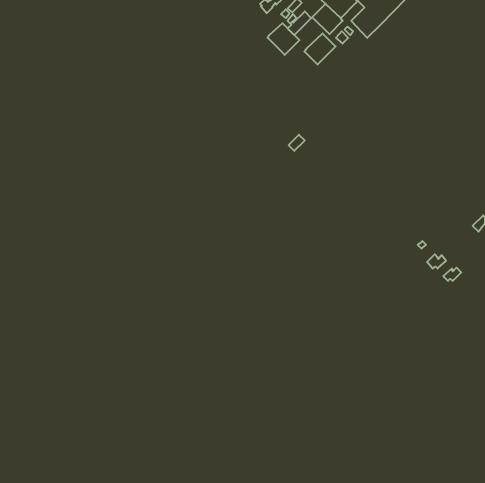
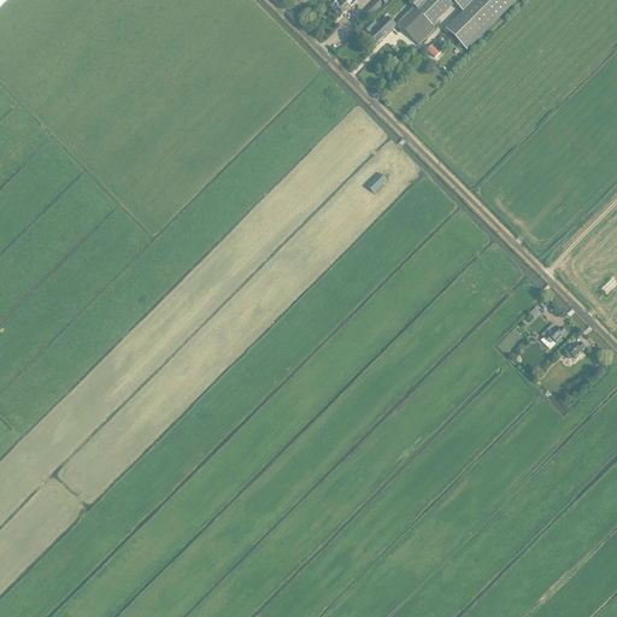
building: [268,23,299,55] -> none
building: [304,33,336,65] -> none

